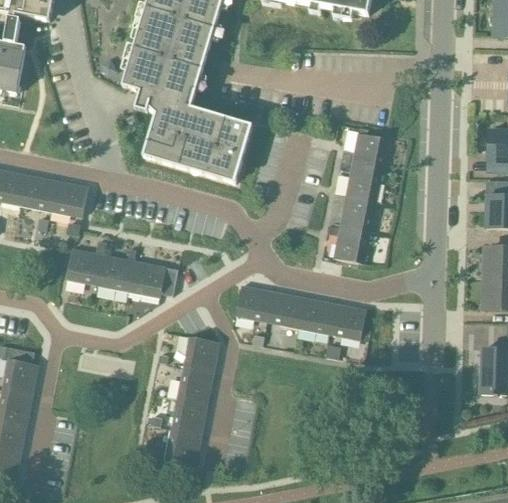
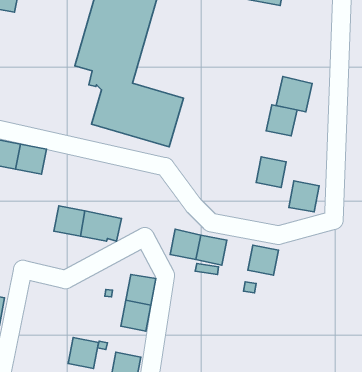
building: none -> [276,76,312,112]
building: [345,164,381,201] -> none
building: [333,226,369,263] -> [289,181,319,212]
building: [66,248,103,284] -> none
building: [298,295,335,331] -> none
building: [171,398,207,435] -> [68,337,98,368]

